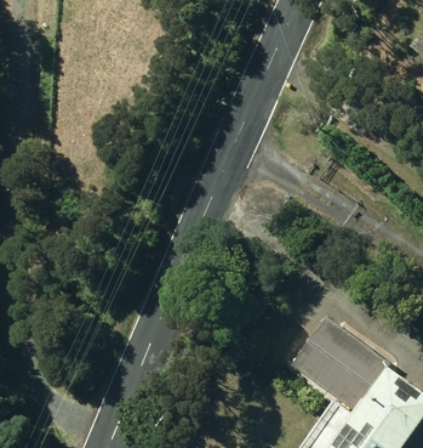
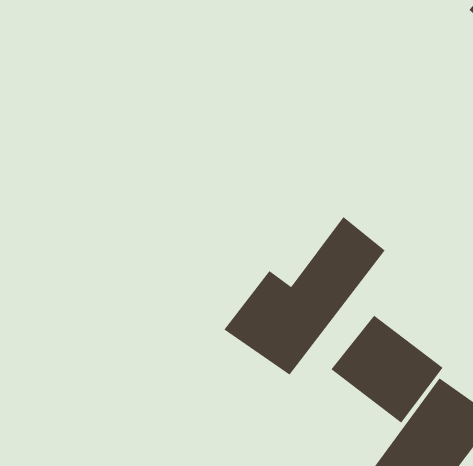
building: none -> [223,216,386,376]

